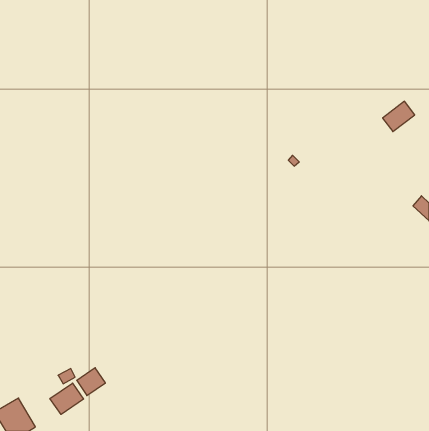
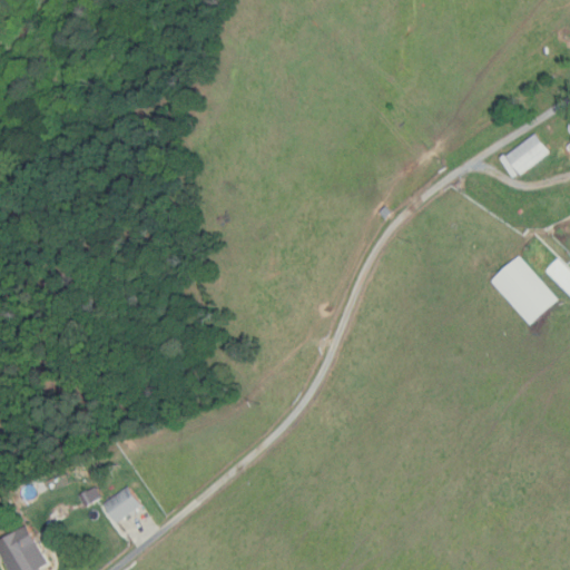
building: none -> [490,256,557,324]
building: [50,383,84,414] -> none

